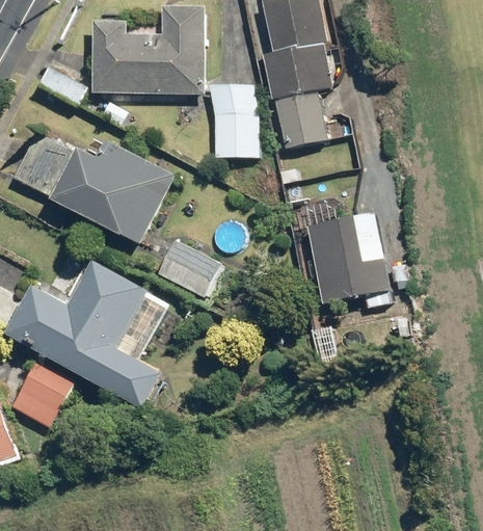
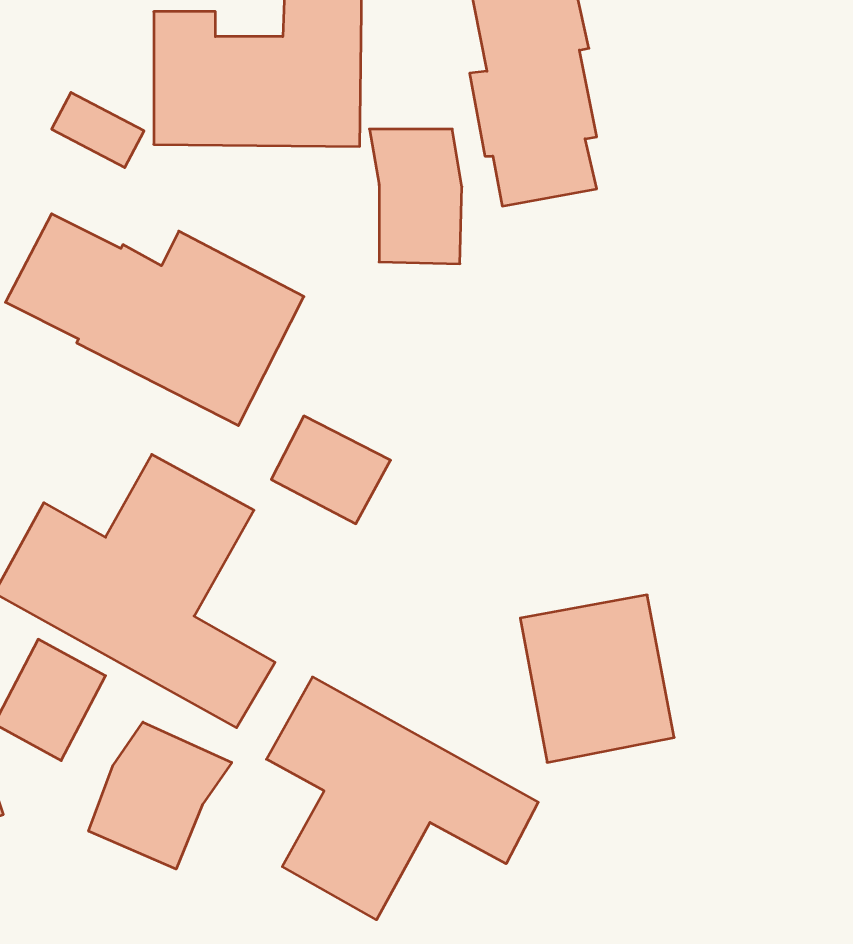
building: [306,212,390,302] -> [520,595,674,762]
building: none -> [266,677,538,920]
building: none -> [89,722,232,869]

